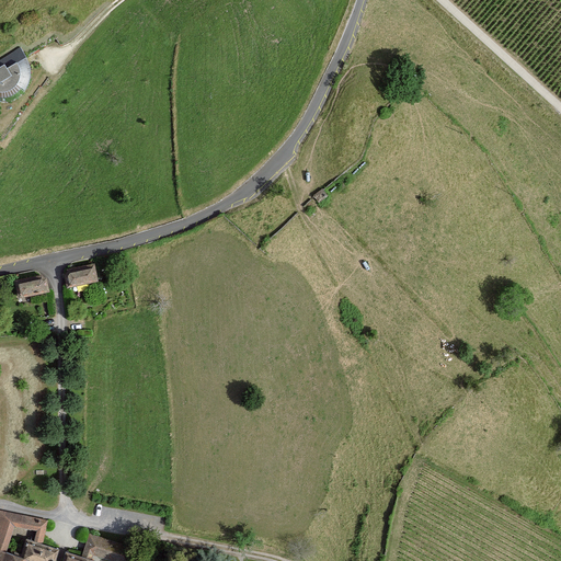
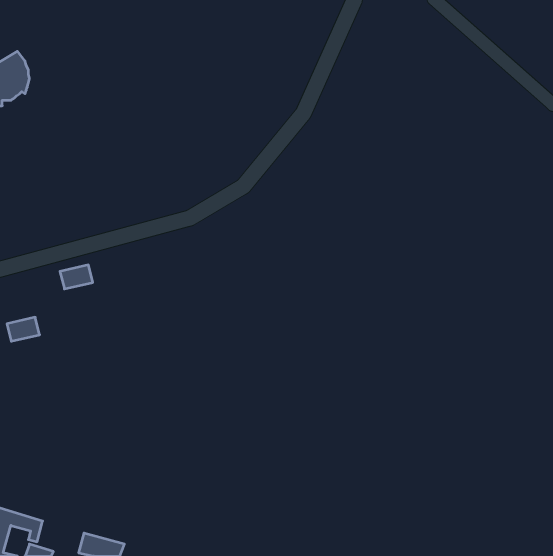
building: [12,276,45,300] -> [7,317,40,341]

